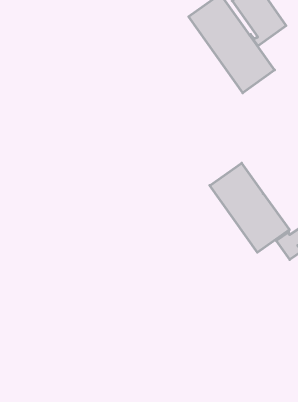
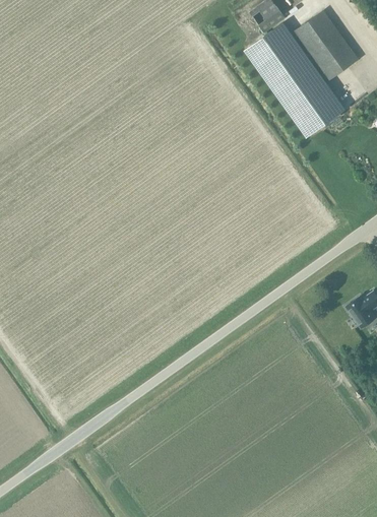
building: [210,163,289,252] -> none

